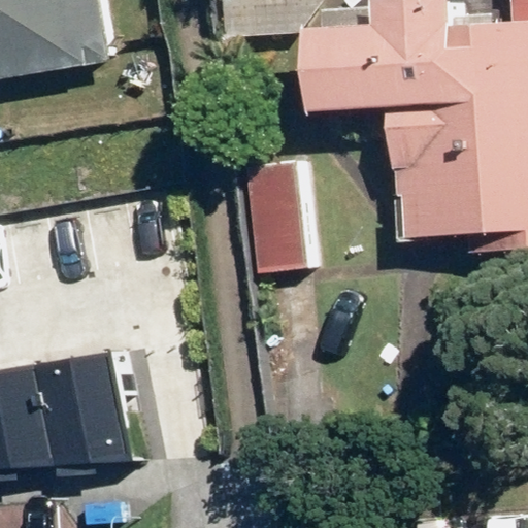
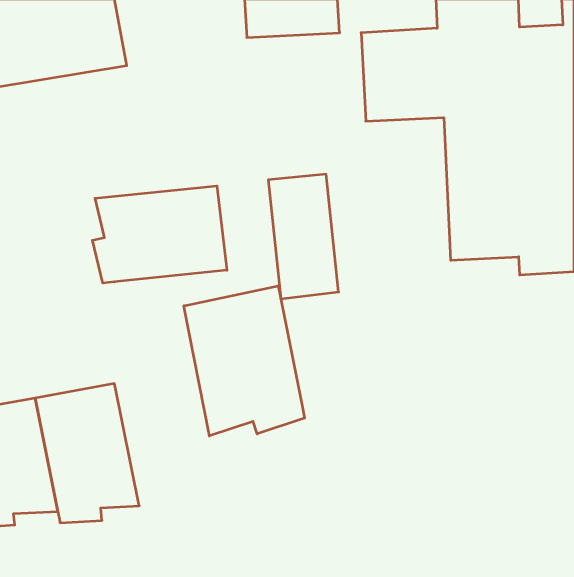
building: none -> [92,186,227,283]
building: none -> [184,286,305,436]

